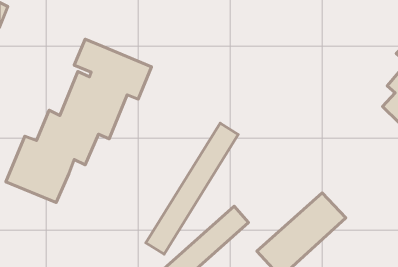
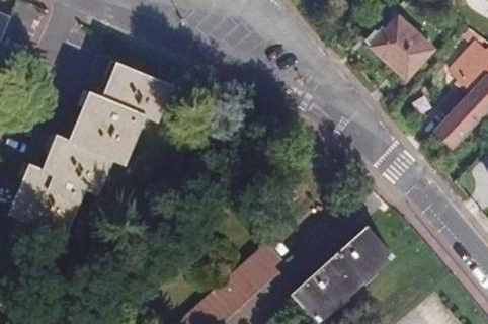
building: none -> [372,18,433,79]
building: [146,123,238,254] -> none

